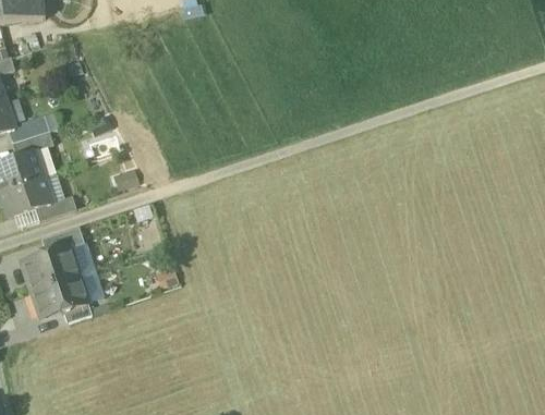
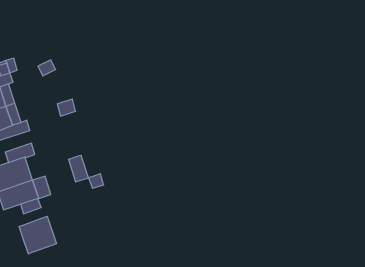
building: [68,240,95,276] -> [68,155,88,182]
building: none -> [19,216,56,254]

